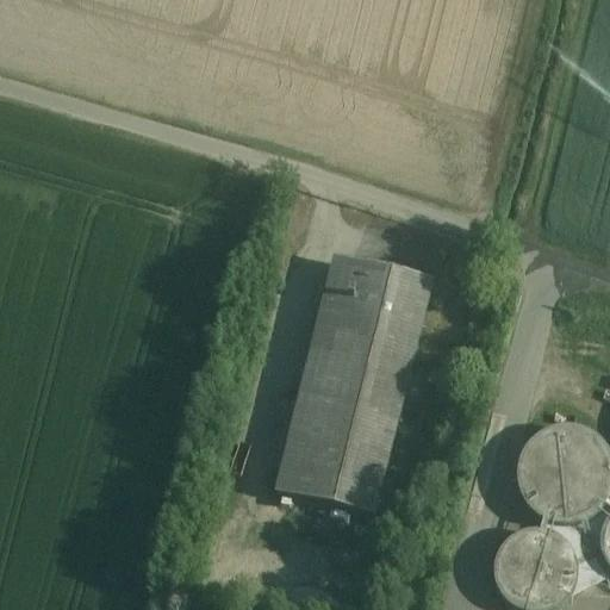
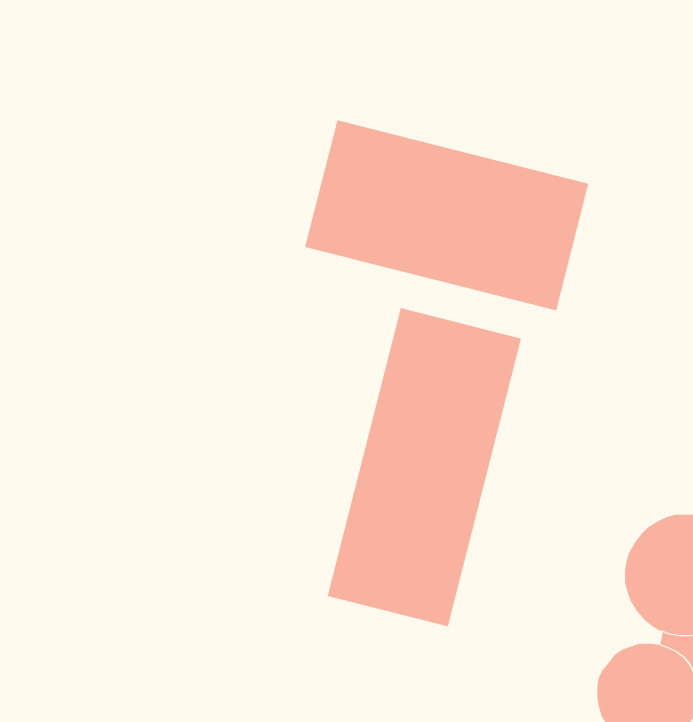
building: none -> [305,119,589,311]

